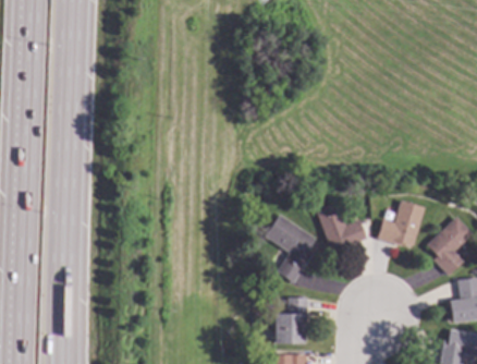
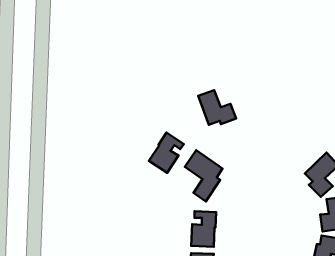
building: none -> [149,133,184,173]
building: [377,201,425,247] -> none
building: [316,202,367,248] -> [198,90,236,125]

